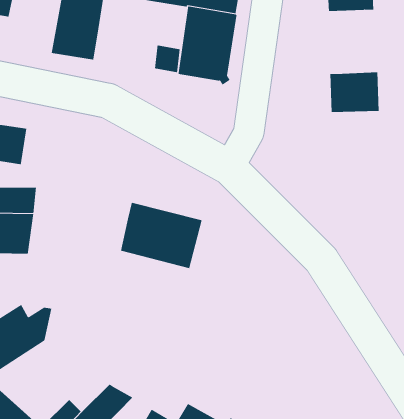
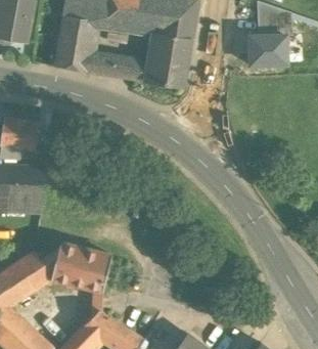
building: none -> [88,54,120,77]
building: [329,72,380,112] -> [251,36,287,66]
building: [120,202,202,269] -> [52,243,112,292]

